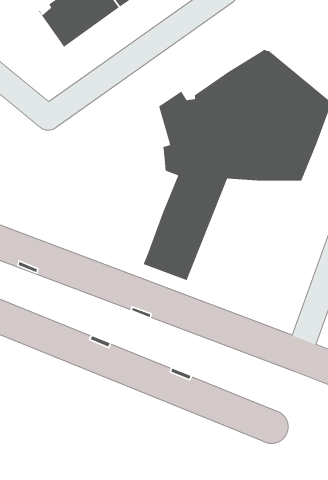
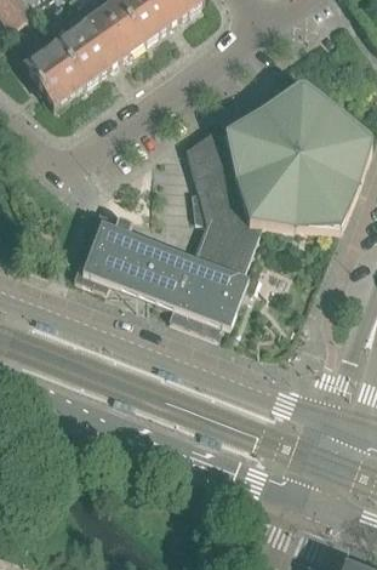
building: none -> [28,39,87,101]
building: none -> [78,206,194,302]

